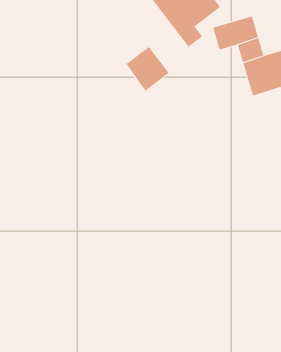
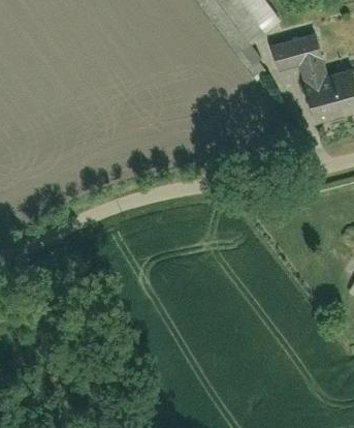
building: [126,46,169,92] -> none

